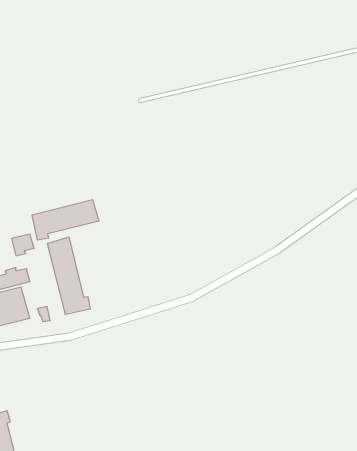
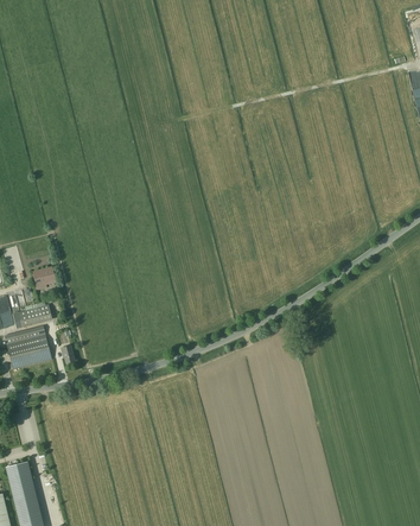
building: [32,200,99,240] -> none
building: [48,237,90,315] -> none

